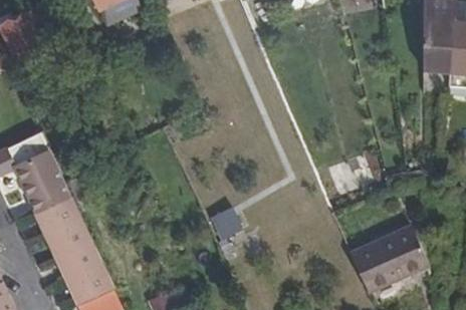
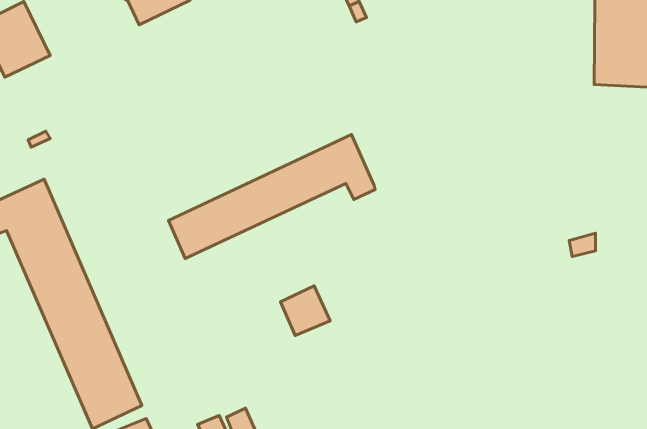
building: none -> [169,134,375,259]
building: [350,227,427,292] -> none

